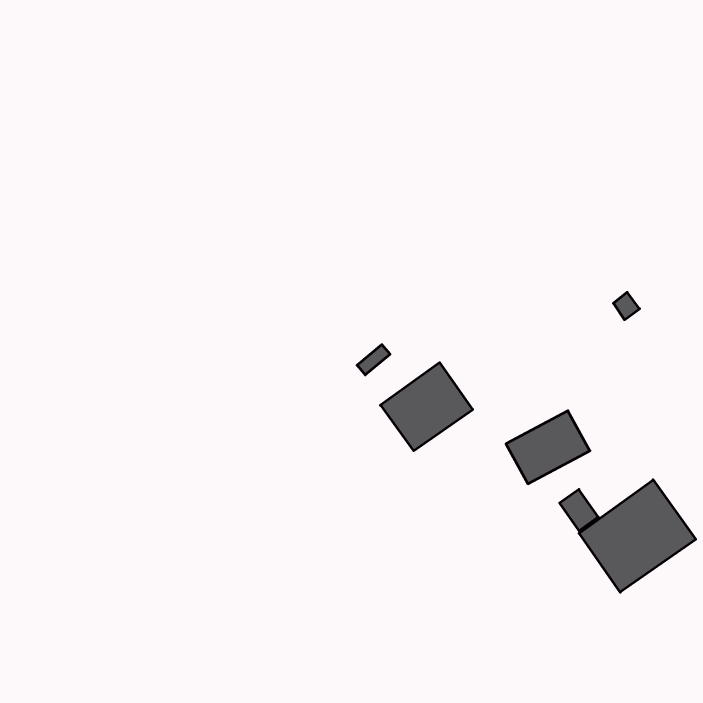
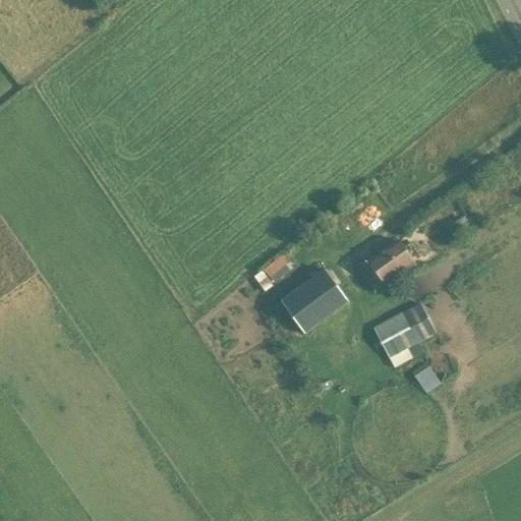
building: none -> [358,240,414,290]
building: [579,480,696,592] -> none

